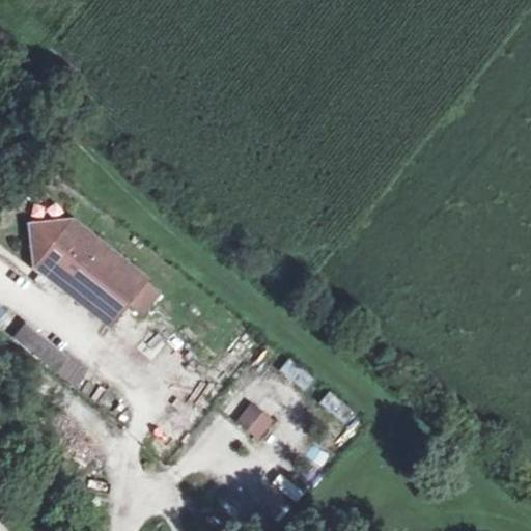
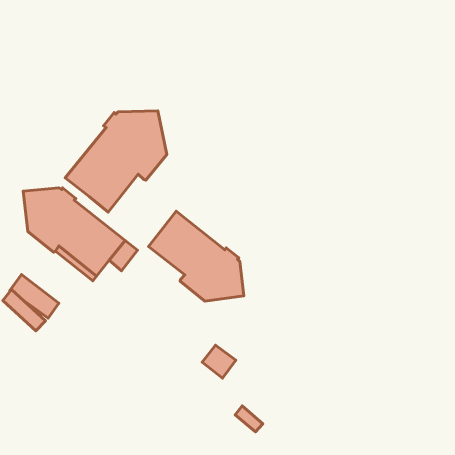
building: none -> [65,111,167,212]
building: none -> [148,211,244,301]

